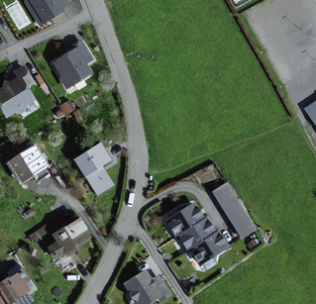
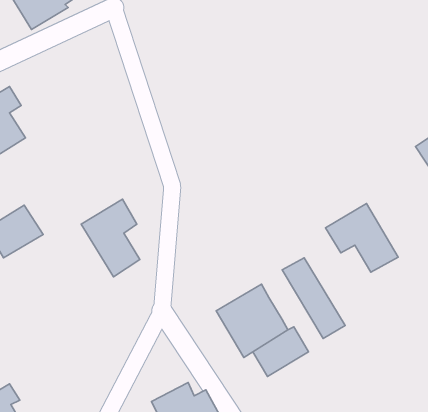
building: [50,41,93,88] -> none
building: none -> [326,204,398,272]
building: [49,219,92,259] -> none

